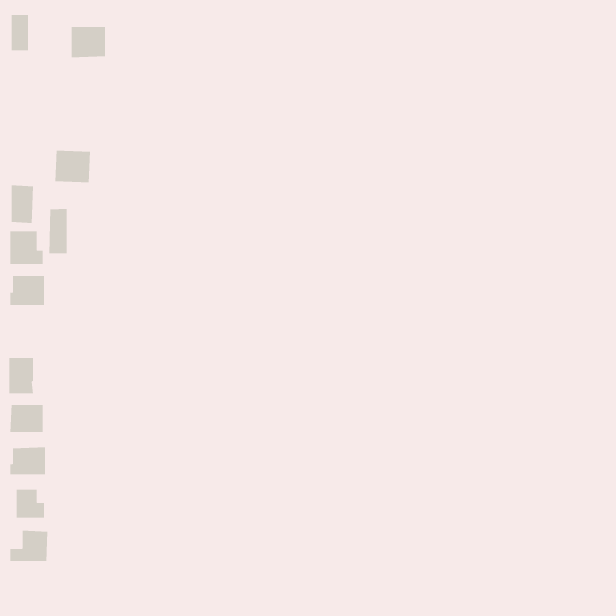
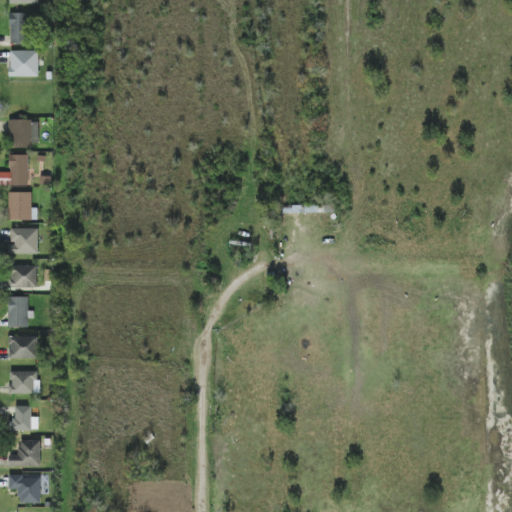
building: [71,26,106,58] -> [9,50,38,76]
building: [55,150,91,183] -> [8,119,38,146]
building: [49,208,67,254] -> none
building: none -> [10,264,36,287]
building: none -> [8,474,40,503]

